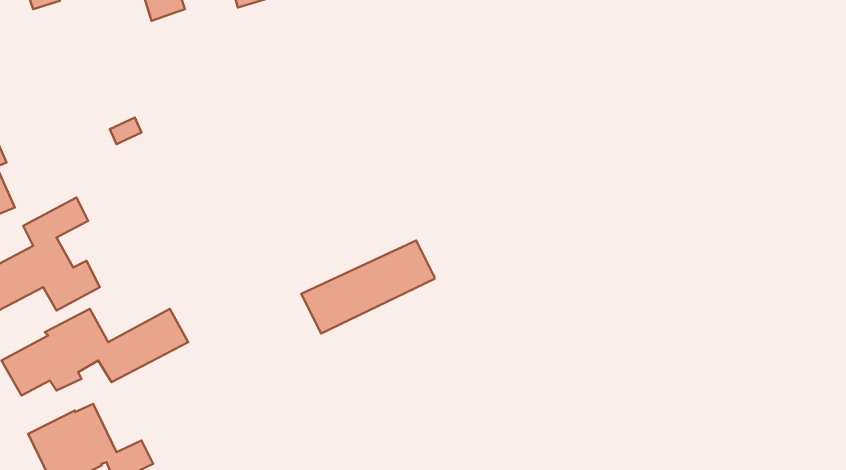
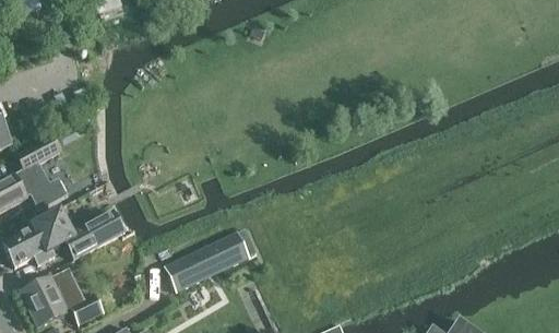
building: [301,240,435,334] -> [164,230,251,292]

